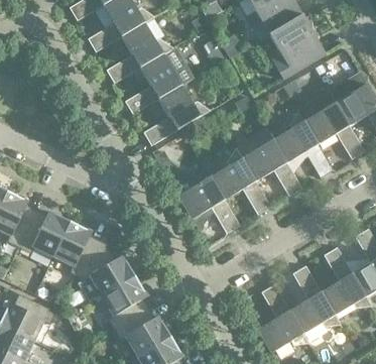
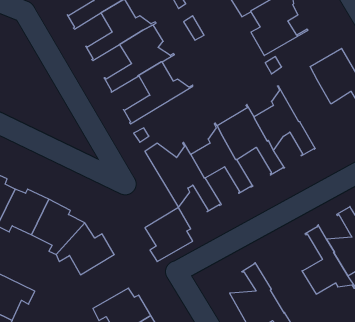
building: [303,90,364,159] -> none
building: [288,265,342,334] -> none
building: [101,275,148,329] -> [145,207,193,262]

